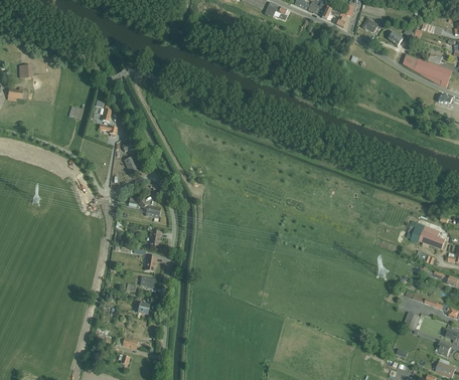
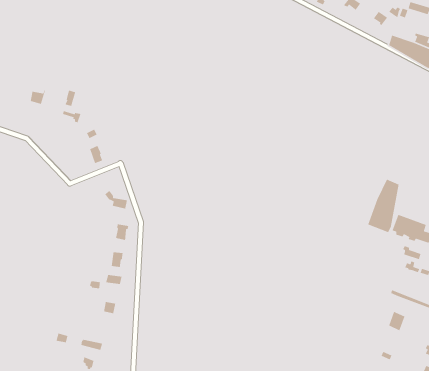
building: none -> [367,178,399,233]

